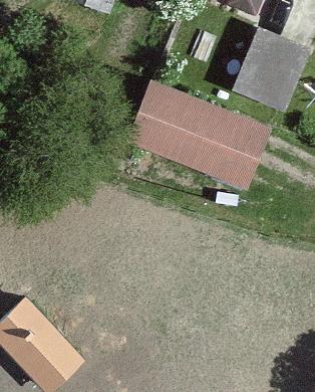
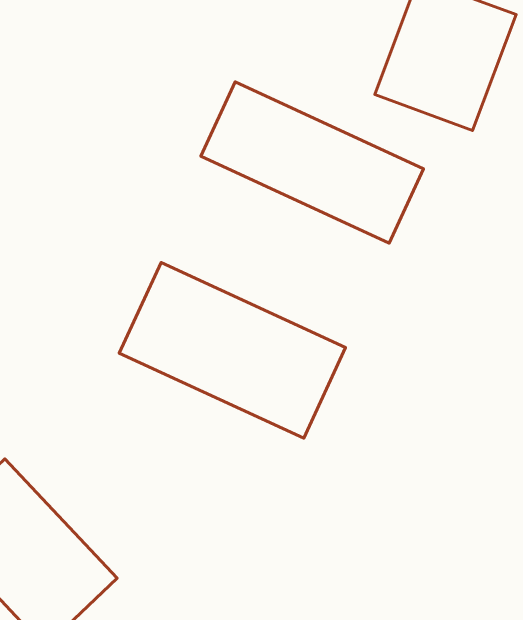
building: none -> [119,262,346,438]

